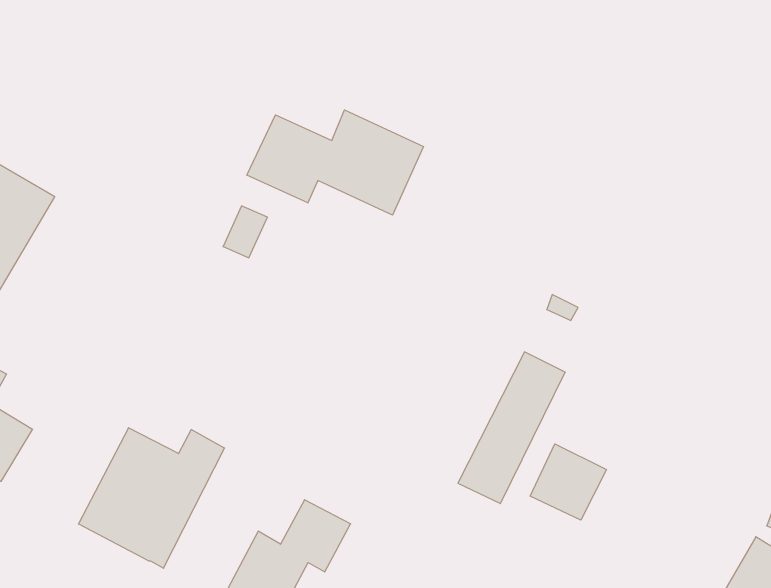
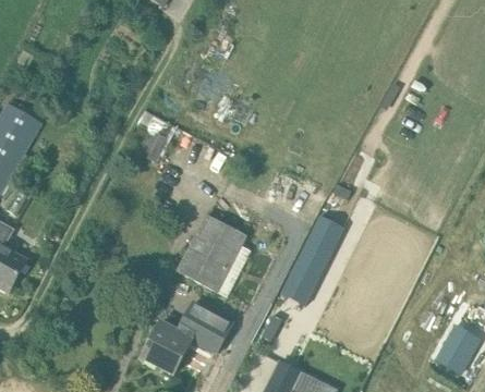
building: [247,110,424,215] -> none
building: [78,428,225,568] -> [177,215,263,297]
building: [530,444,606,520] -> none

